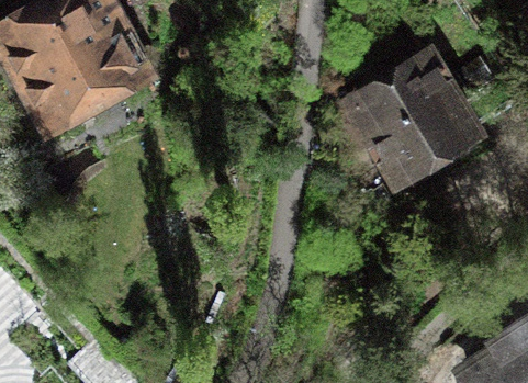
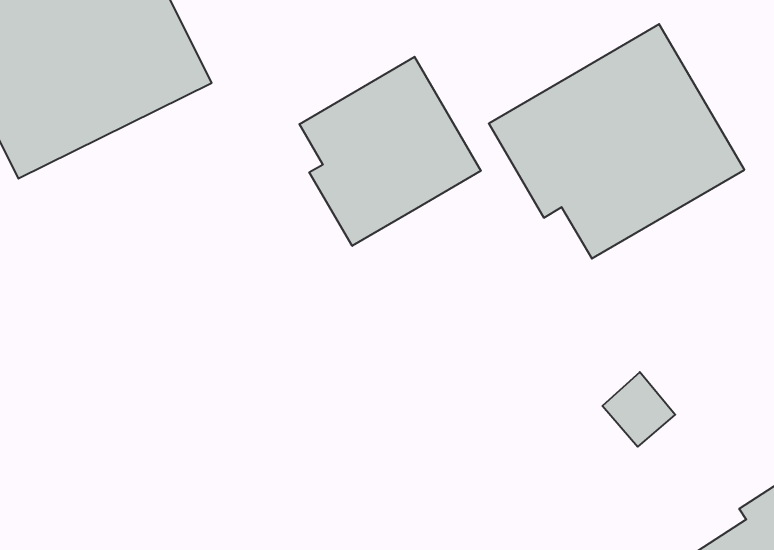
building: none -> [299,57,481,246]

